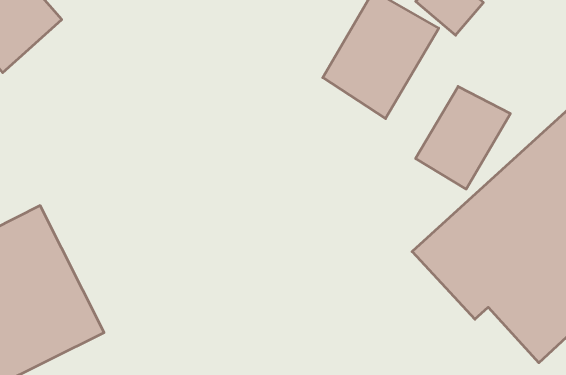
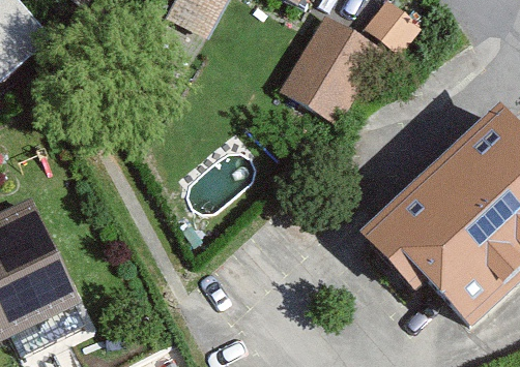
building: [416,86,510,189] -> none

